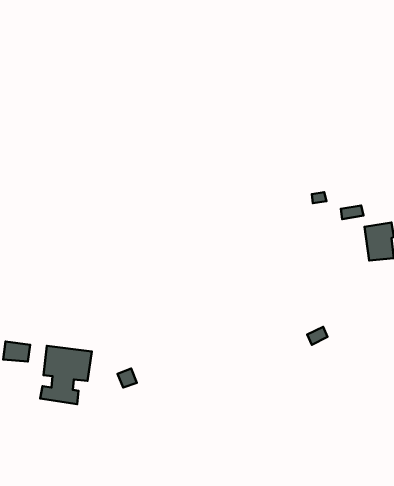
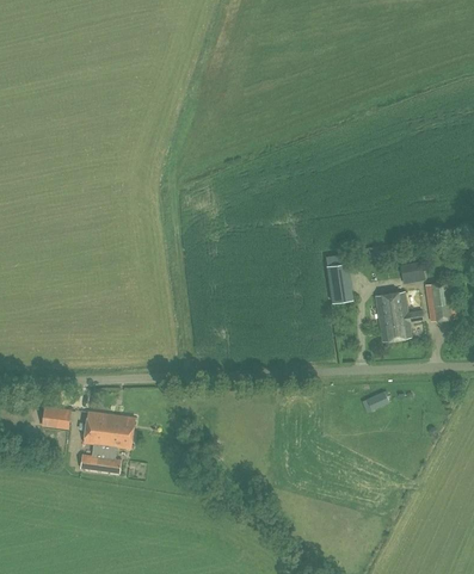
building: none -> [324,252,351,302]
building: none -> [375,290,423,340]

